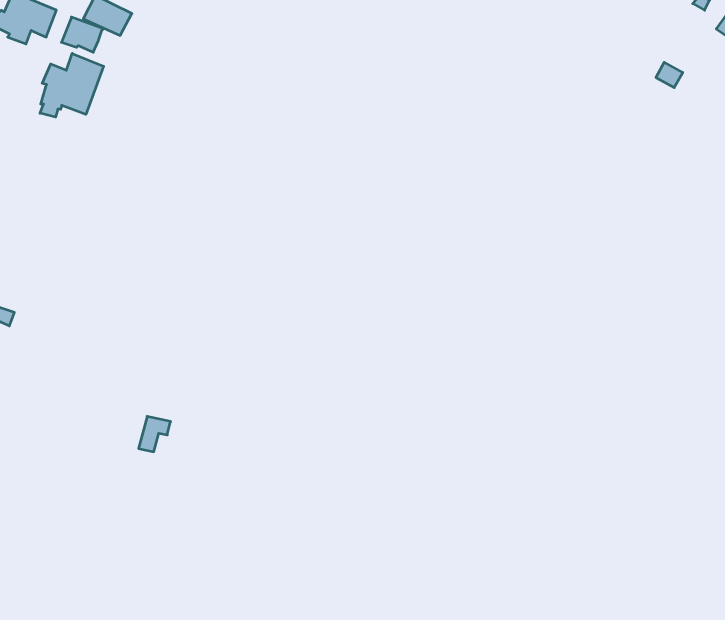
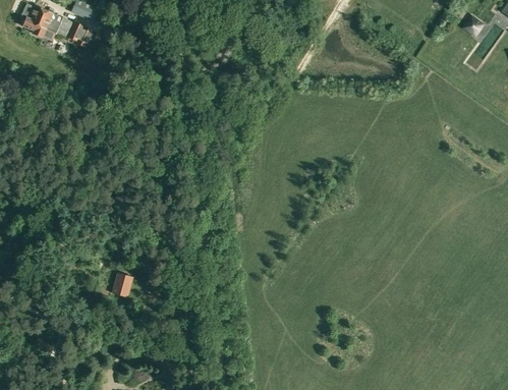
building: [40,53,104,117] -> none

